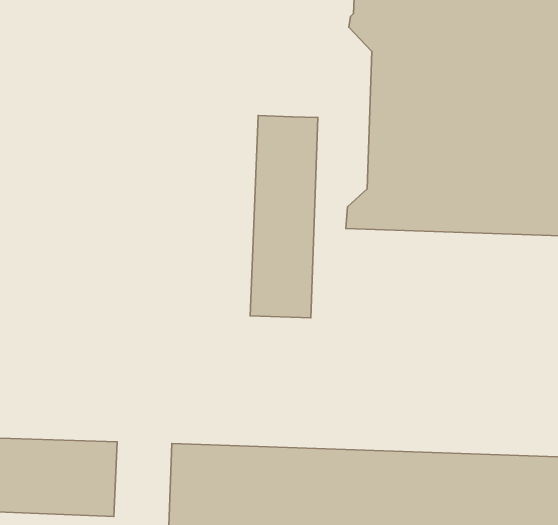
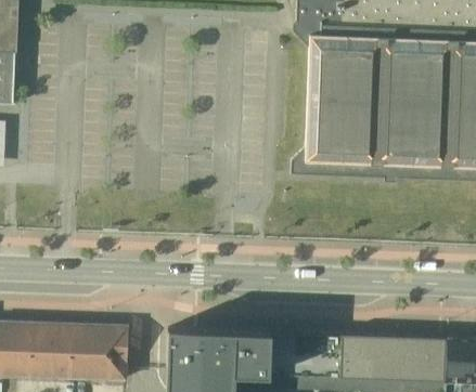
building: [250,115,318,318] -> none

